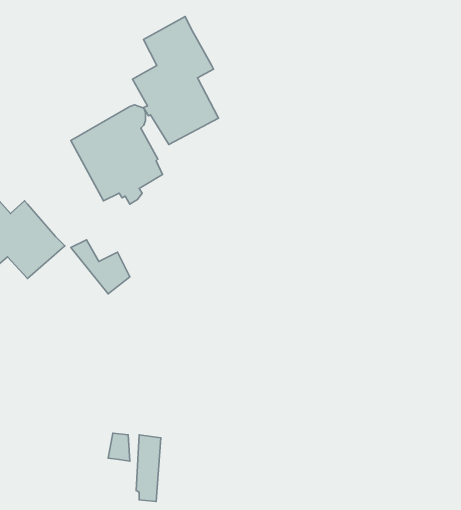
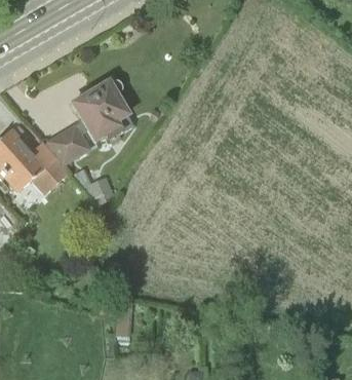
building: [133,17,219,145] -> none
building: none -> [44,124,91,166]

